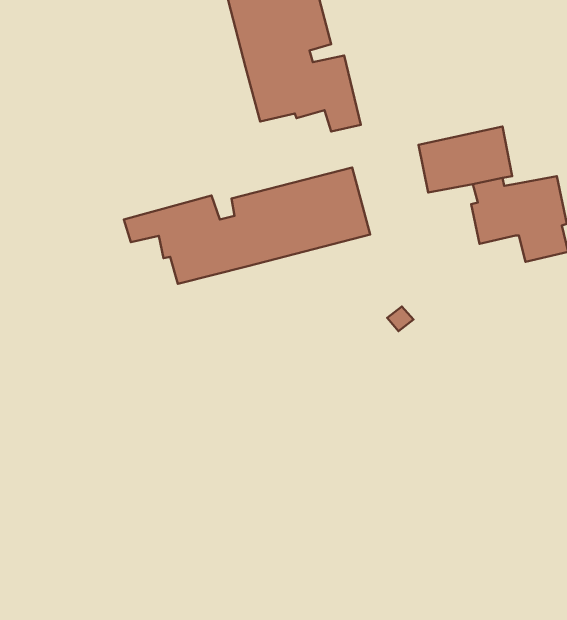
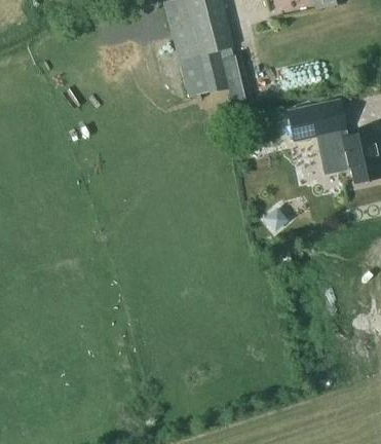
building: [124,167,370,284] -> none

